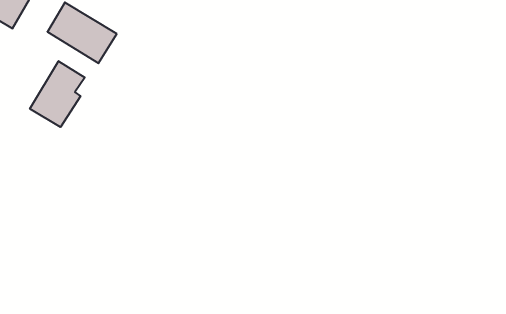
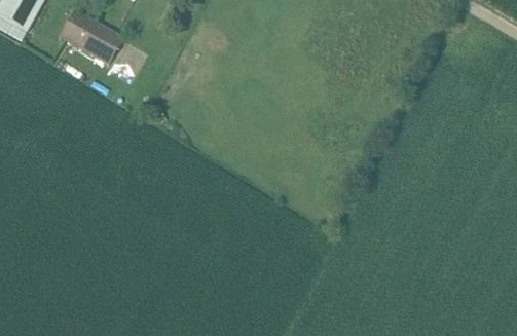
building: [30,61,85,127] -> none

